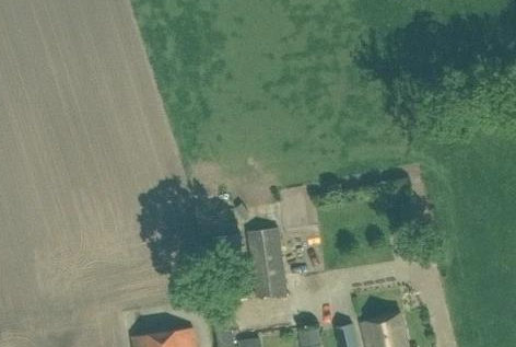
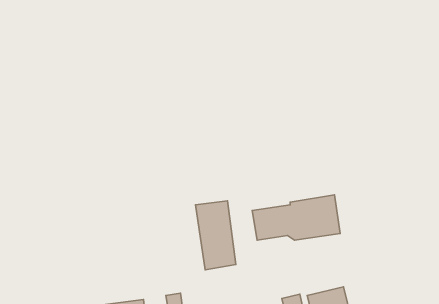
building: none -> [252,195,340,240]

